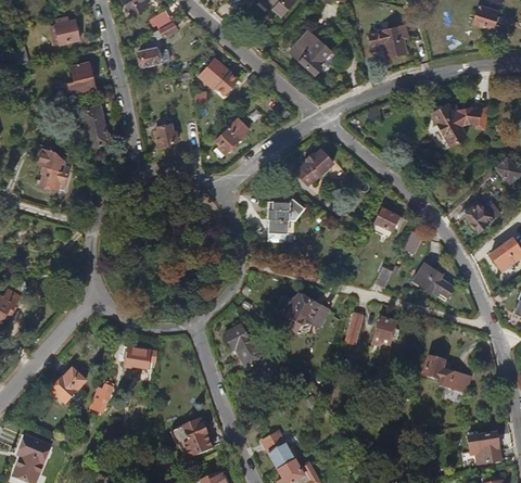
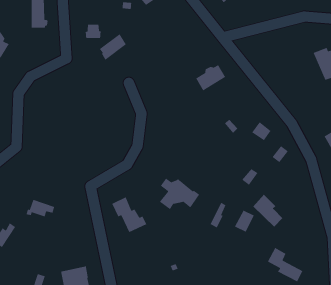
building: [214,117,246,153] -> [99,33,127,61]
building: [270,194,308,239] -> none
building: [415,263,454,301] -> [252,194,283,228]

